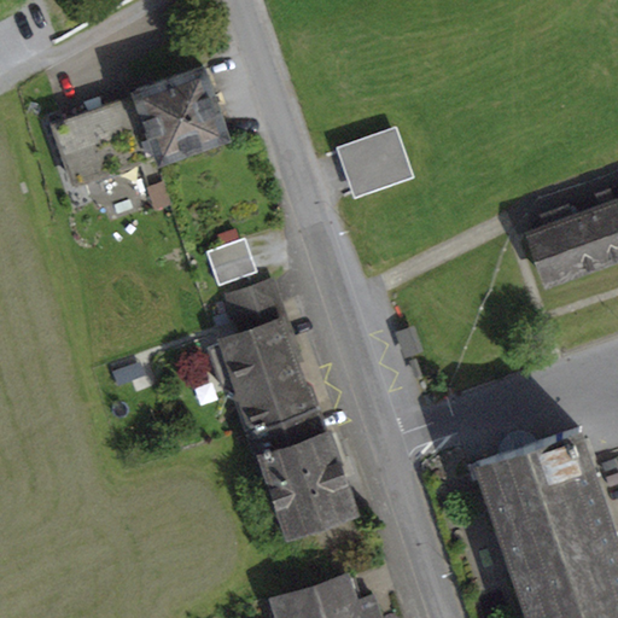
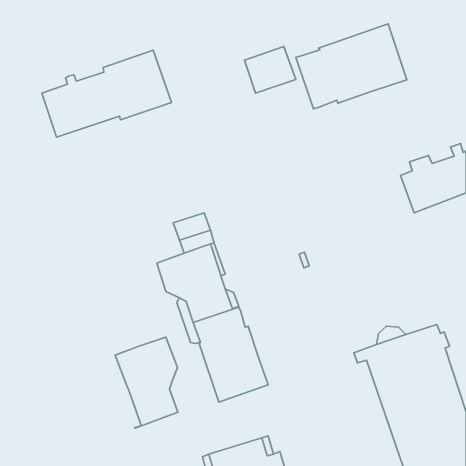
building: none -> [296,24,407,109]
building: [342,132,409,193] -> [245,46,296,93]
building: [206,240,252,286] -> none
building: none -> [115,337,178,428]

